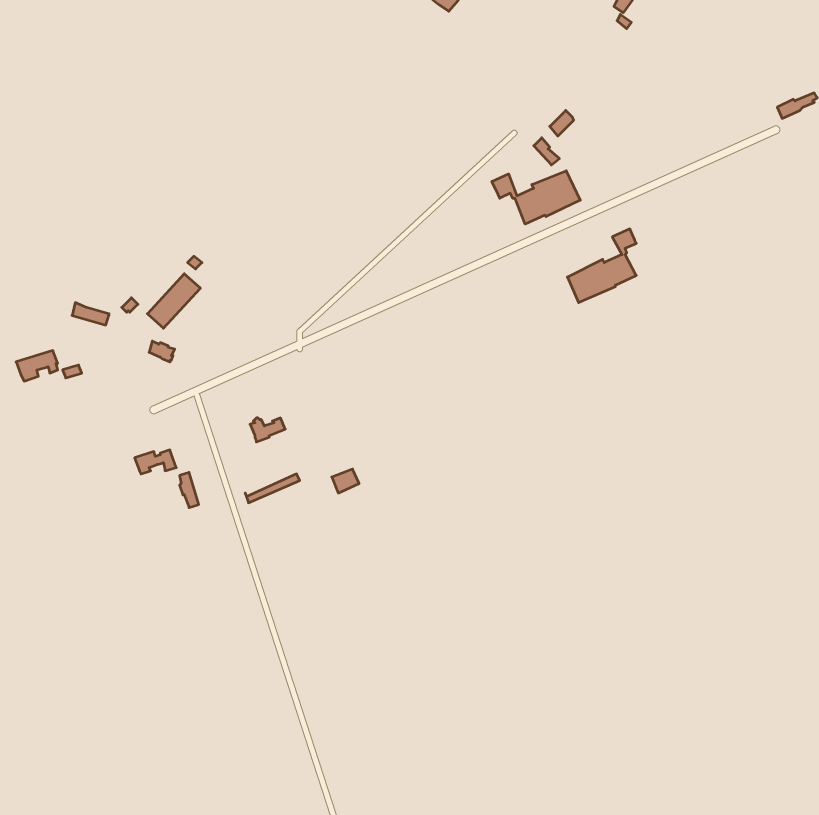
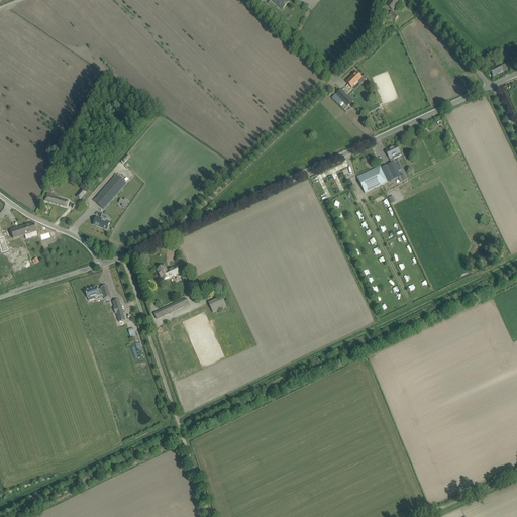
building: [492,171,580,224] -> none

